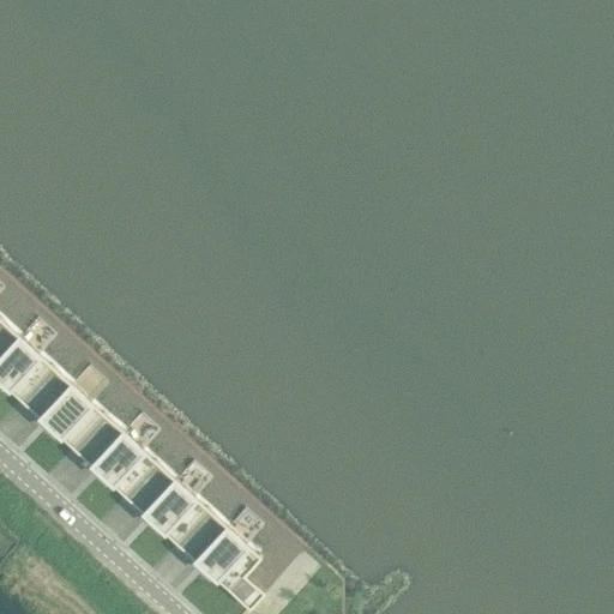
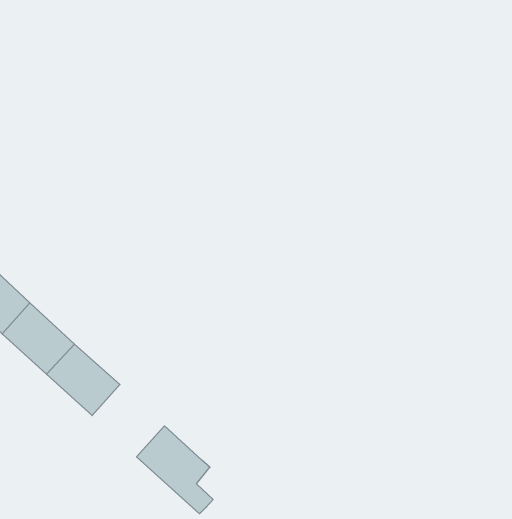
building: [107,446,191,530] -> none

